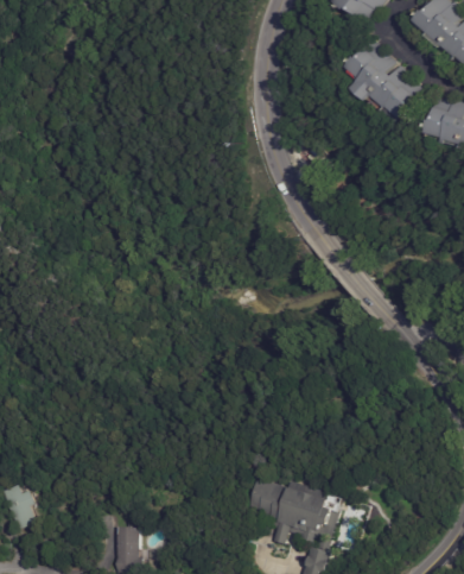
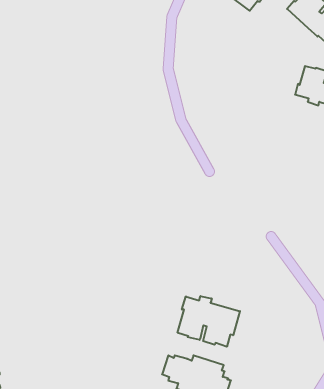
building: [342,38,424,118] -> none
building: none -> [178,296,240,347]

